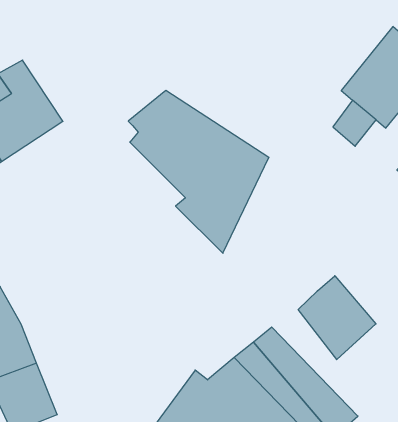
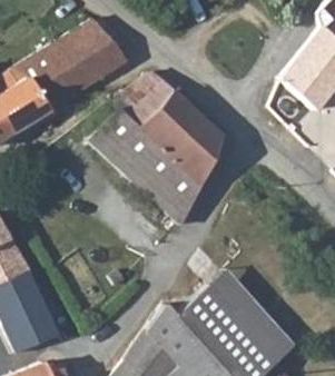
building: none -> [28,19,130,105]
building: none -> [95,108,188,219]
building: [298,276,376,360] -> none

